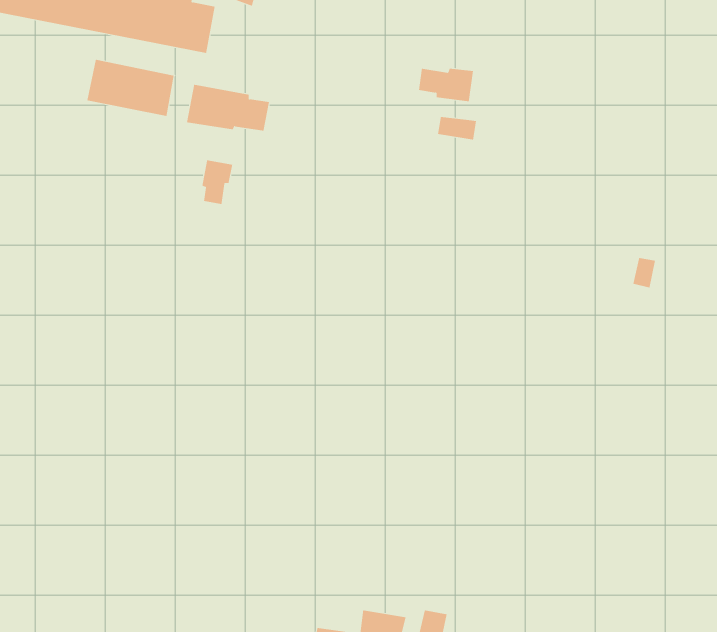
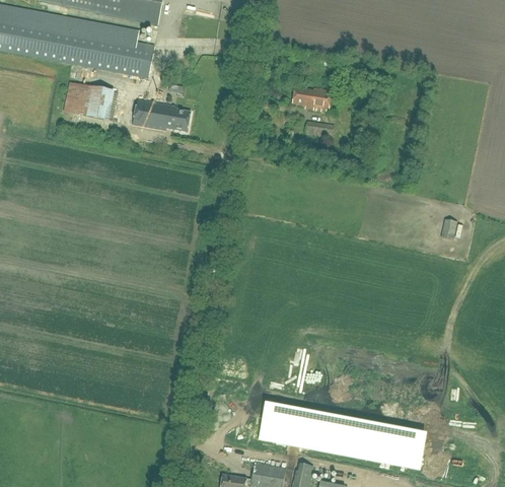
building: [202,160,233,205] -> none
building: none -> [260,406,425,467]

